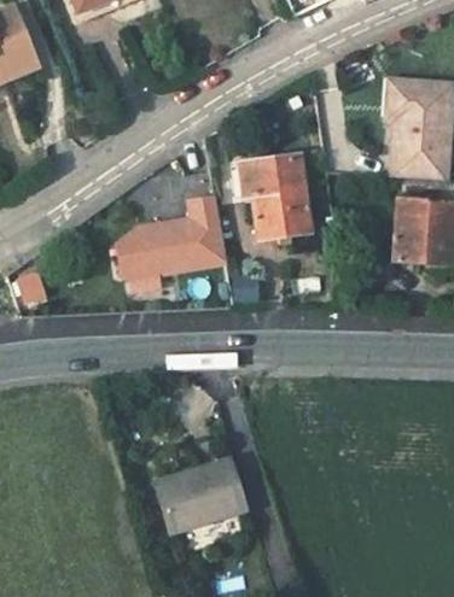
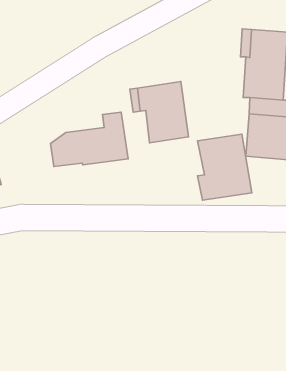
building: none -> [197,134,252,200]
building: [155,458,244,550] -> none

